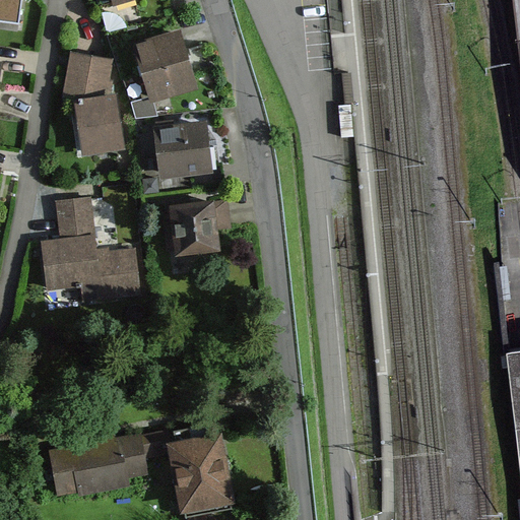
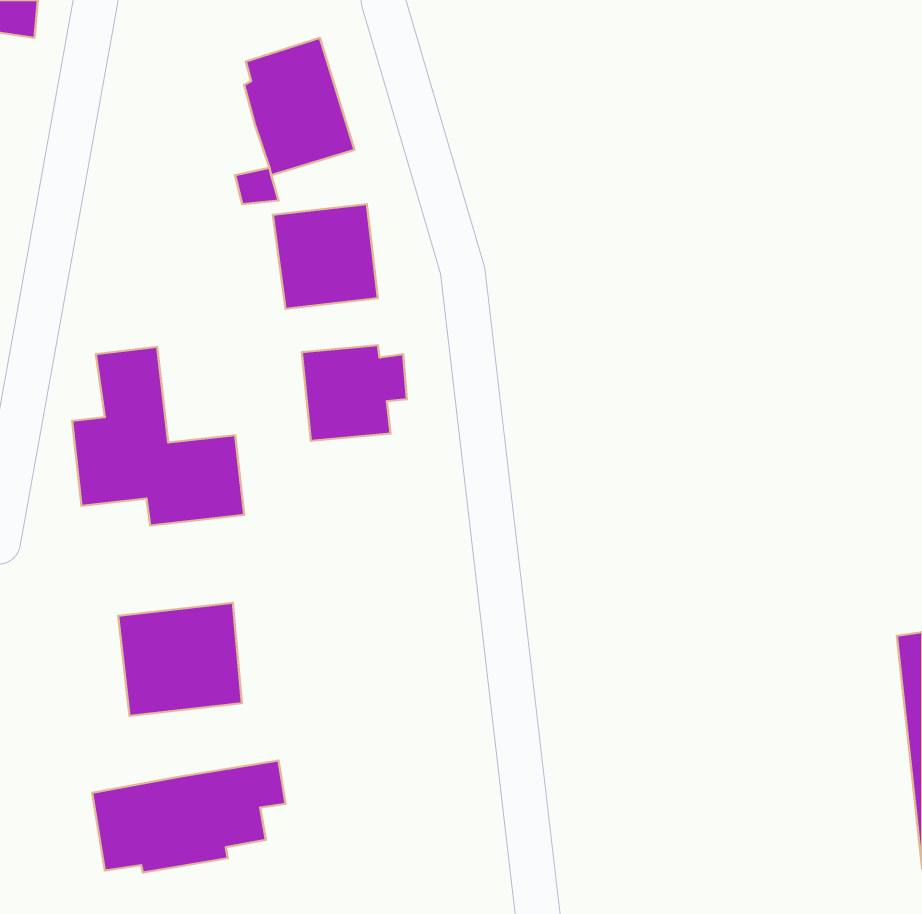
building: [65,55,128,159] -> none
building: none -> [118,603,242,716]
building: [167,431,233,510] -> none

